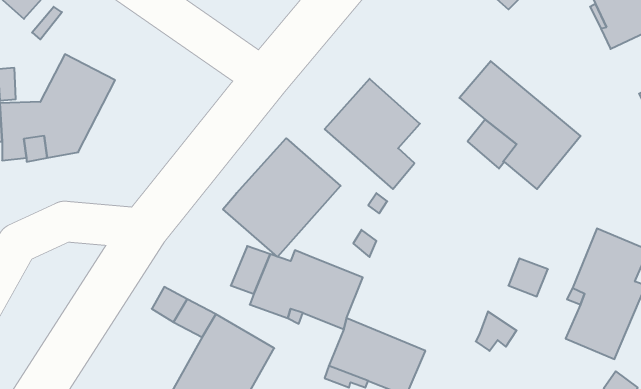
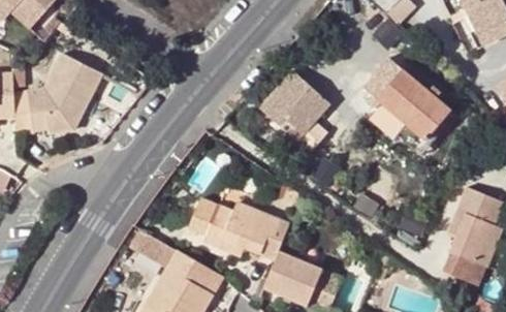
building: [223,138,341,257] -> none

